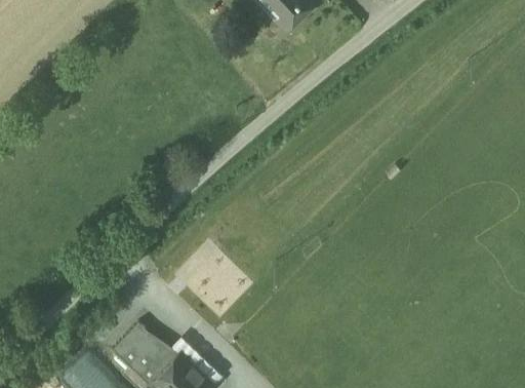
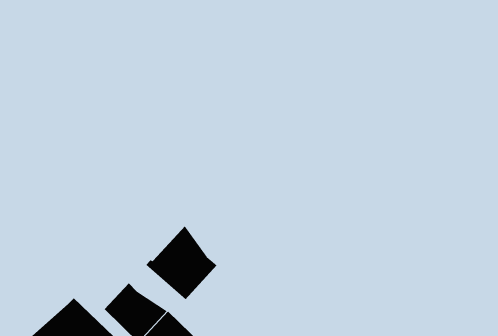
building: none -> [145,226,218,300]

